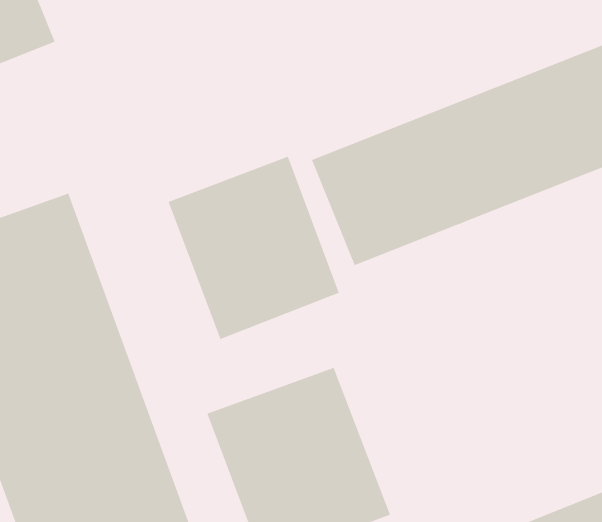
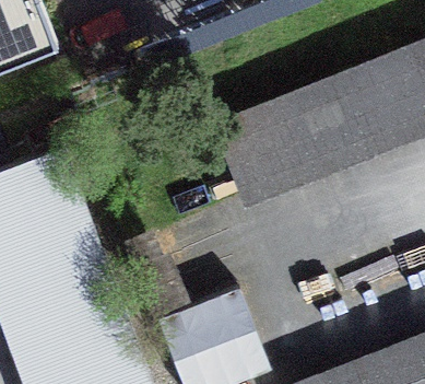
building: [168,156,339,340] -> none

